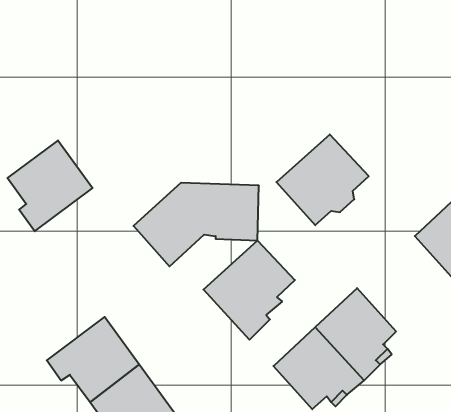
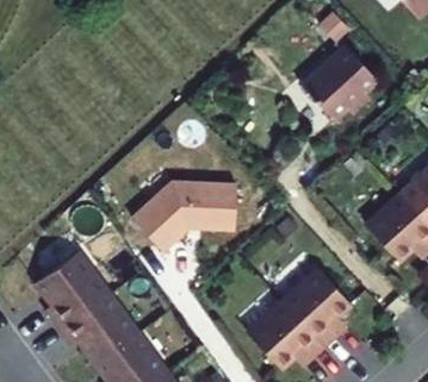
building: [276,134,369,225] -> [300,45,377,120]
building: [7,140,93,231] -> [41,252,111,327]
building: [203,240,295,340] -> none

